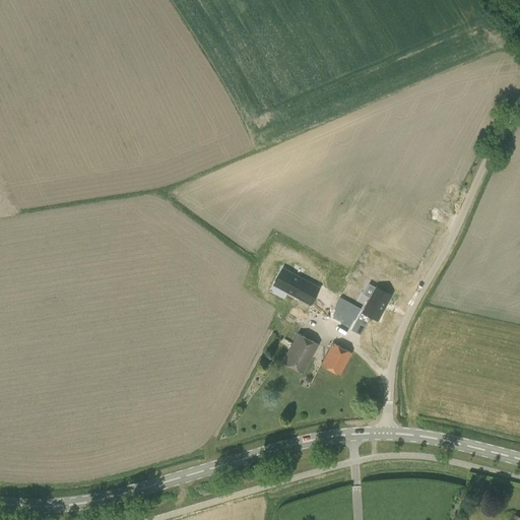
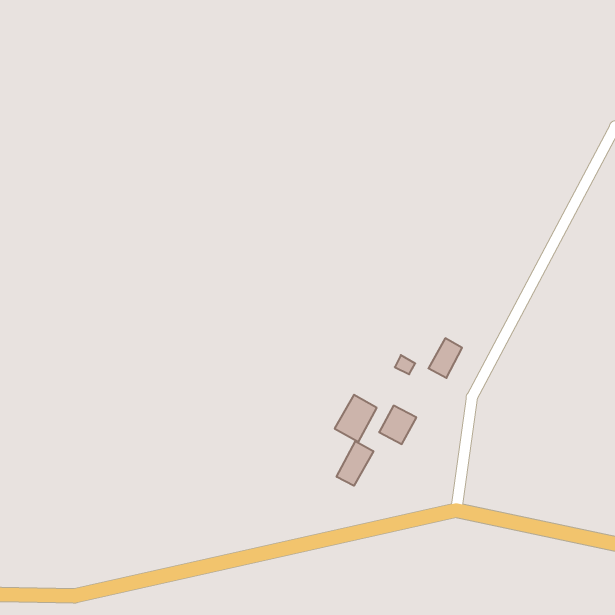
building: [281,273,321,301] -> none
building: none -> [337,441,373,486]

